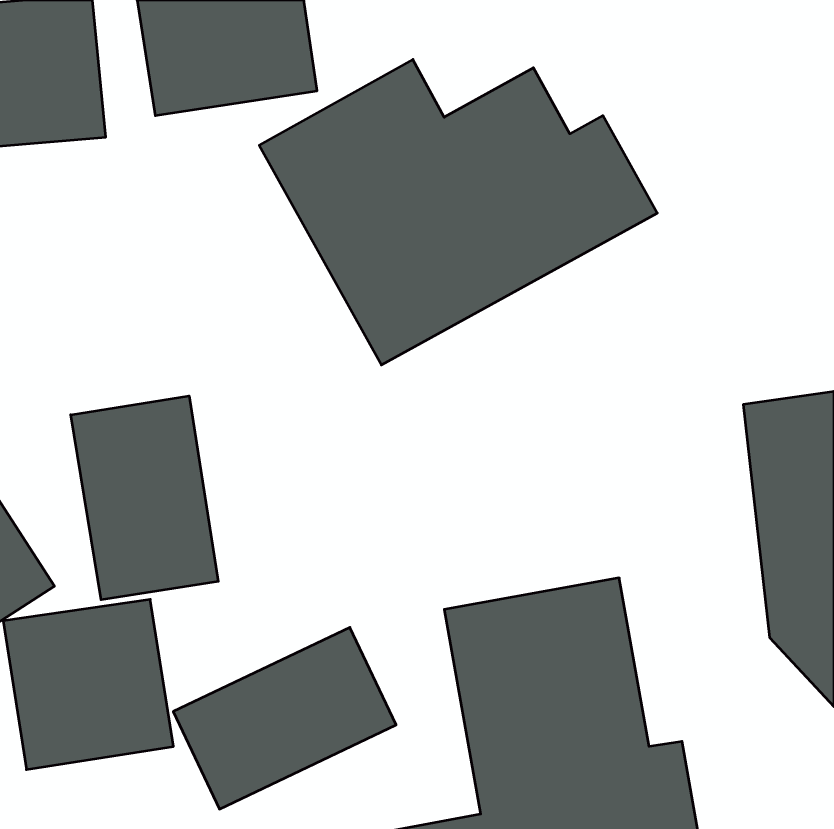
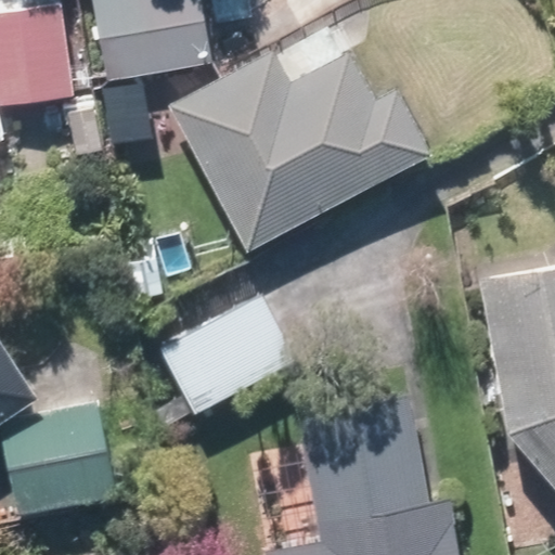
building: [71,396,218,600] -> none
building: [173,627,396,809] -> [153,301,299,421]

